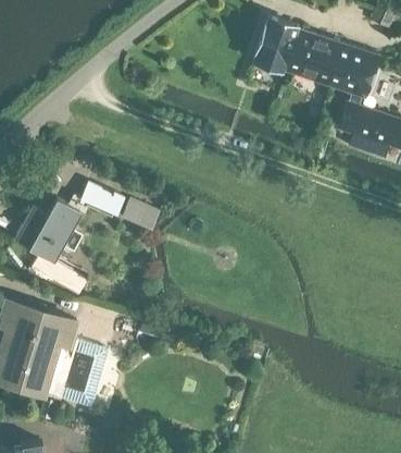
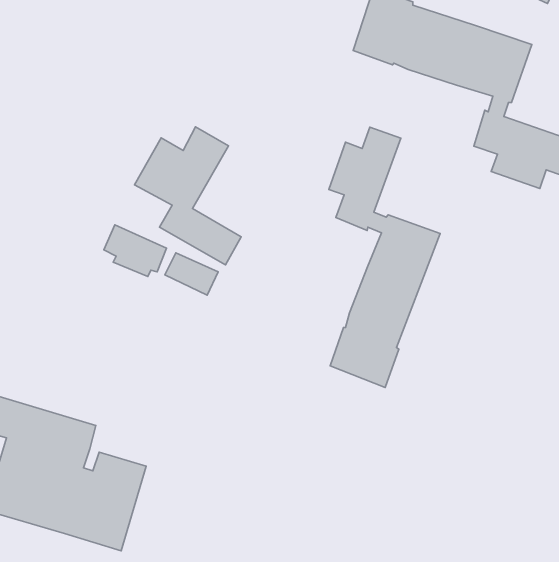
building: none -> [329,127,440,387]
building: [14,199,88,295] -> [134,127,241,265]

